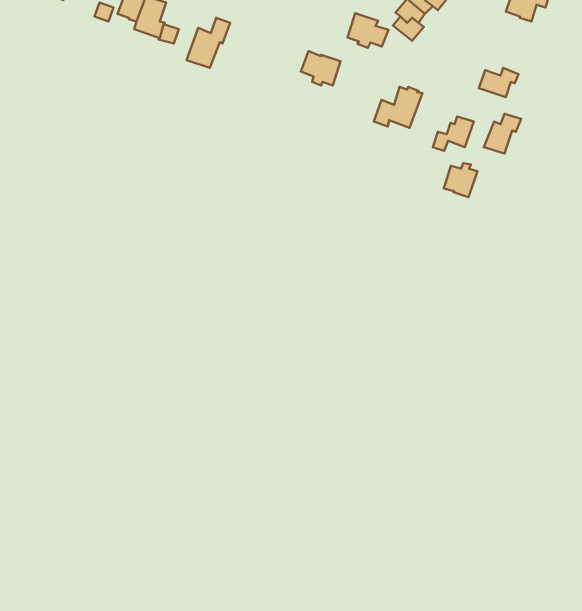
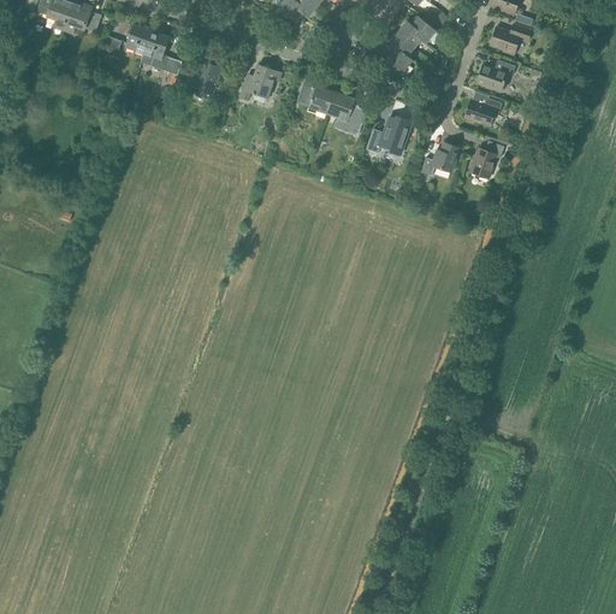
building: [347,13,388,48] -> [327,91,366,124]
building: none -> [476,59,515,91]
building: none -> [239,66,282,100]
building: [444,163,477,197] -> none

